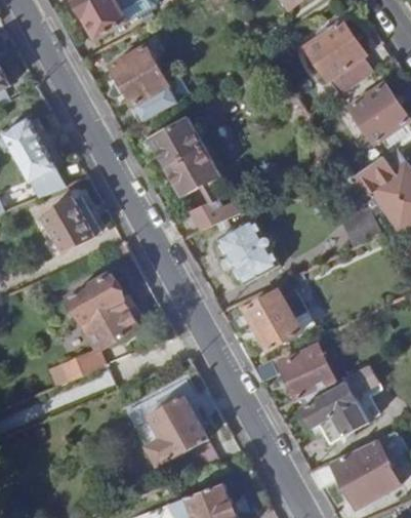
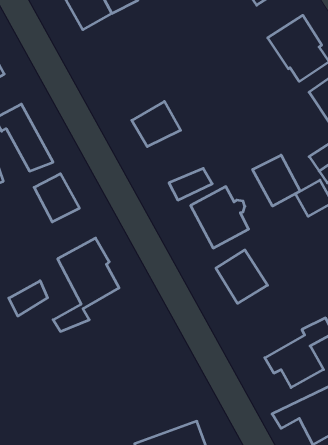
building: [110,43,175,124] -> none
building: [168,150,220,196] -> none
building: none -> [253,155,300,206]
building: none -> [9,281,48,316]
building: [252,346,338,397] -> none
building: [145,394,205,467] -> none

